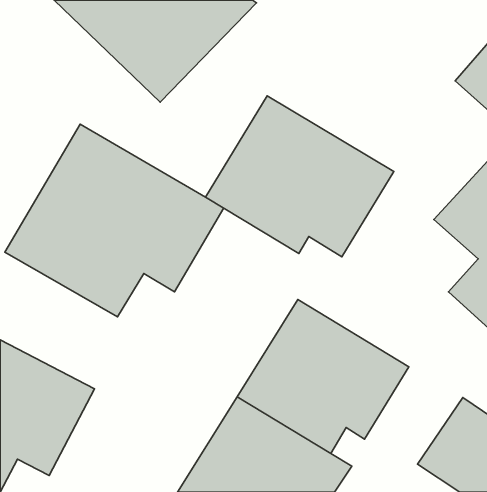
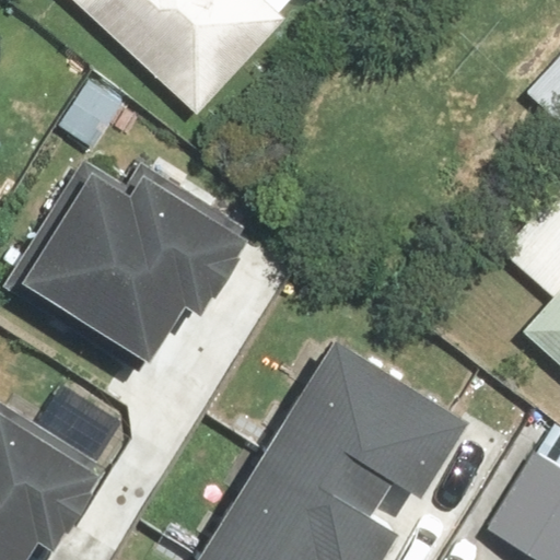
building: [206,96,394,257] -> none

